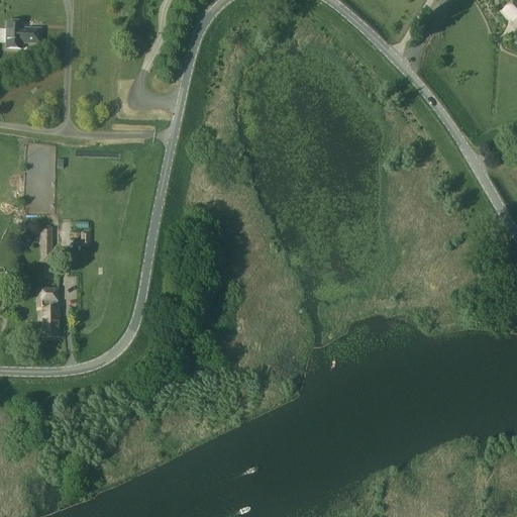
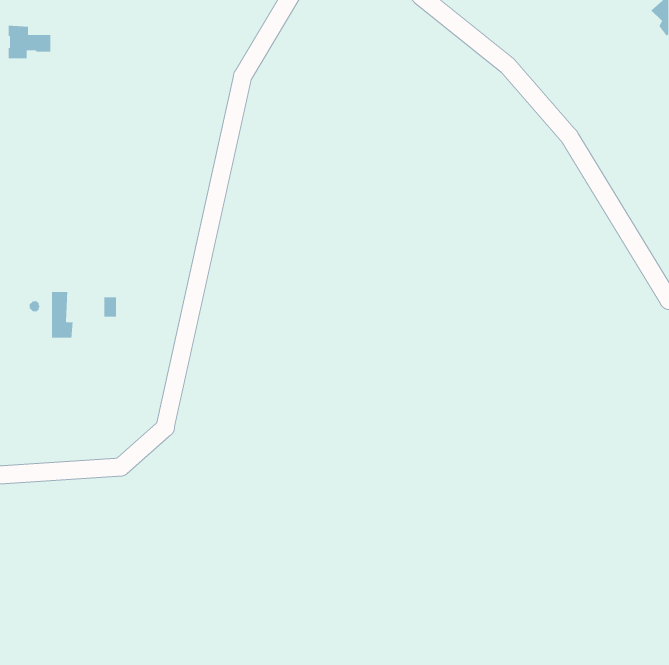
building: [40,295,60,334] -> none

